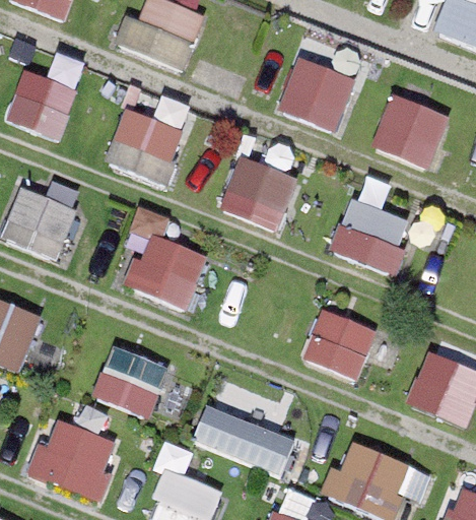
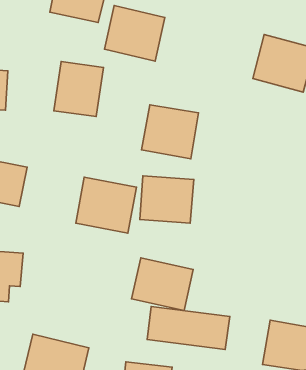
building: [276,57,356,133] -> [104,5,165,61]
building: [328,200,412,275] -> none
building: [301,311,376,378] -> [140,176,194,223]
building: [89,345,171,418] -> [132,258,193,311]

